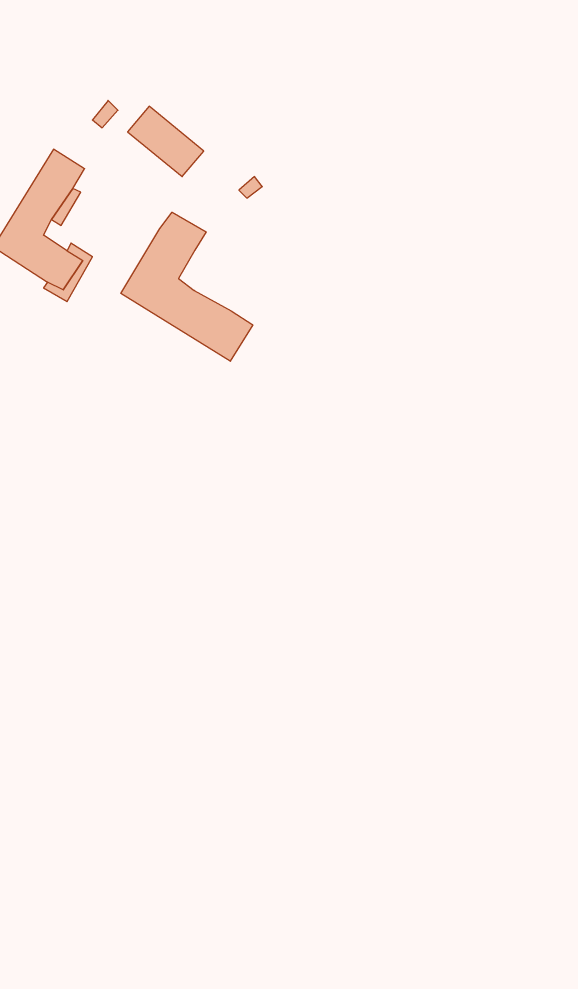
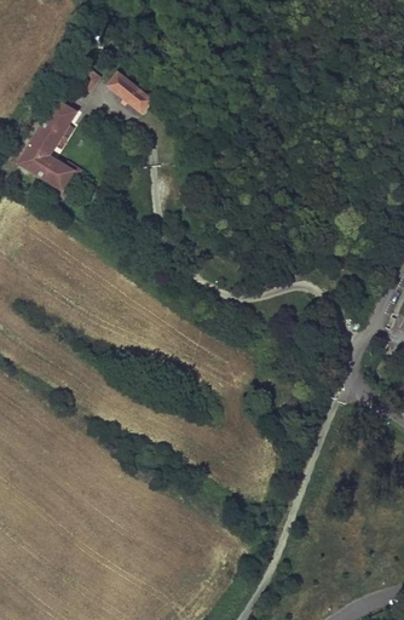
building: [121,212,253,361] -> none

